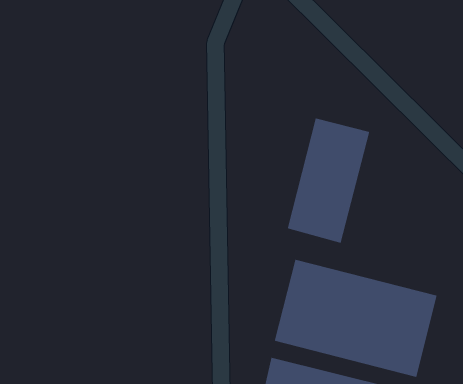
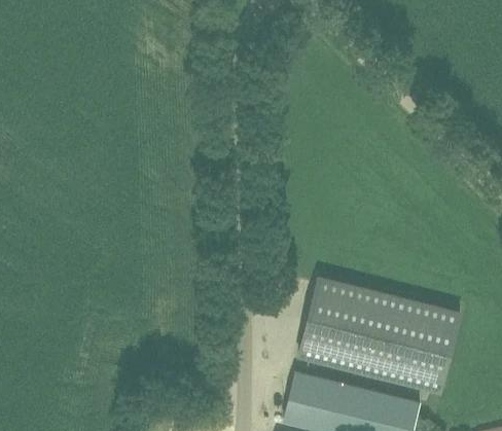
building: [287,117,370,244] -> none

